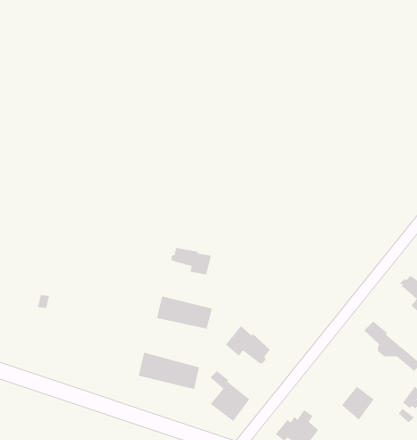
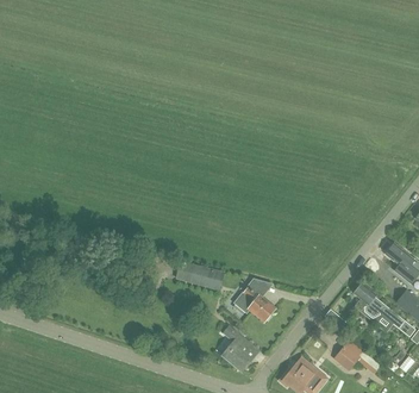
building: [171,247,211,275] -> none
building: [138,352,199,390] -> none

